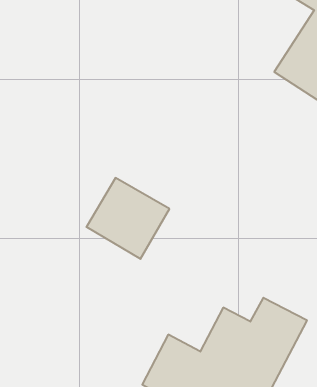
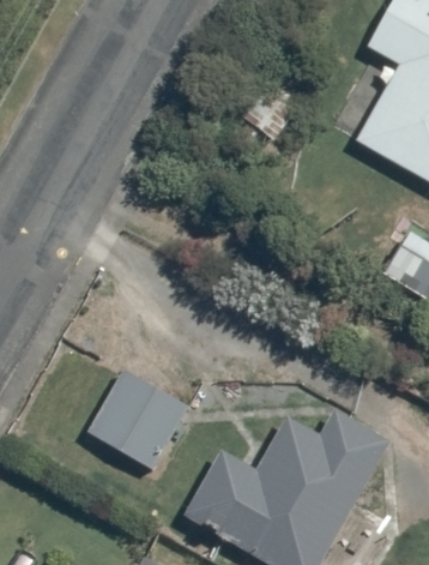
building: [86,178,169,259] -> [79,367,179,464]

